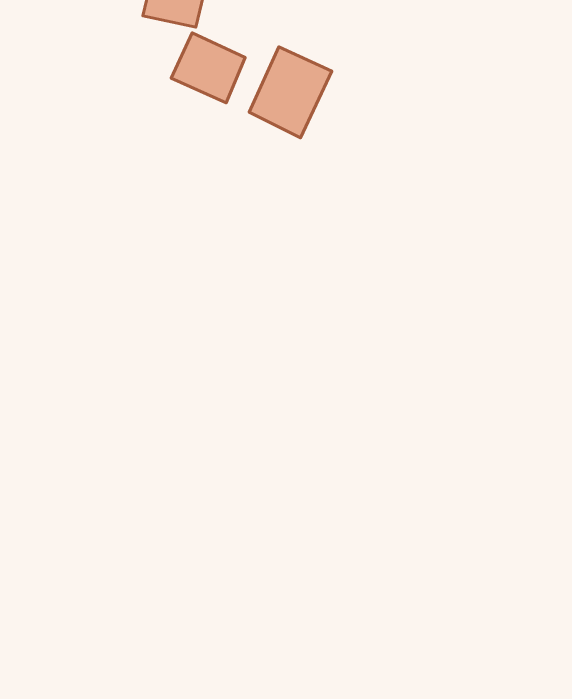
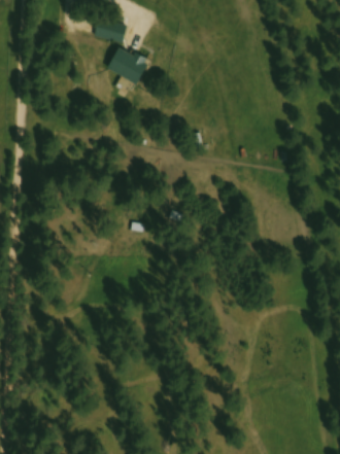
building: [249,47,332,138] -> none

